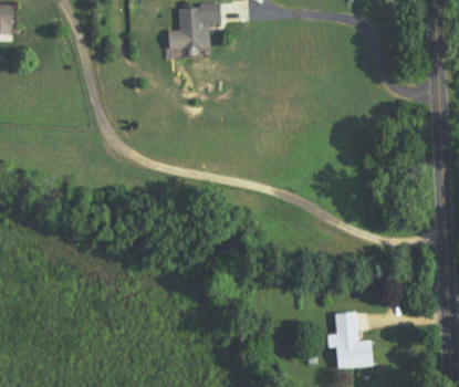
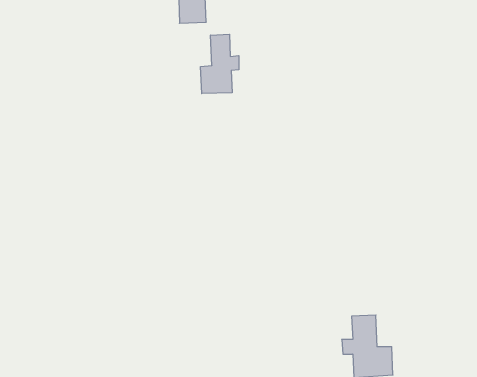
building: none -> [201,34,239,94]

